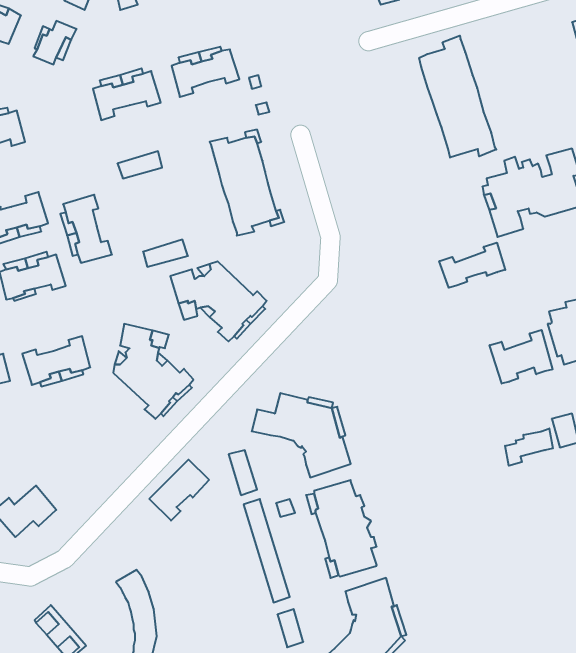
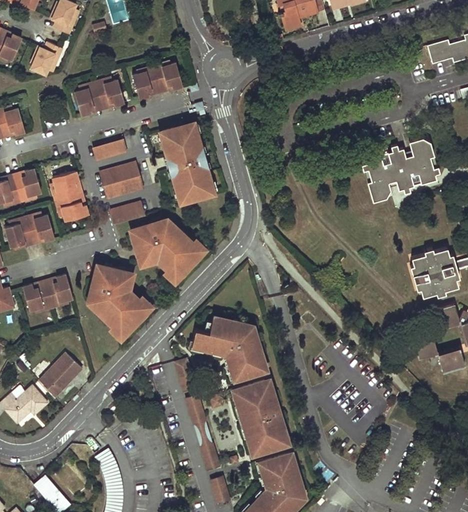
building: [419,36,496,158] -> none
building: none -> [101,164,143,198]
building: [439,243,505,288] -> none
building: [490,330,553,384] -> none
building: [505,428,553,466] -> none
building: [149,460,209,521] -> [39,353,83,398]

